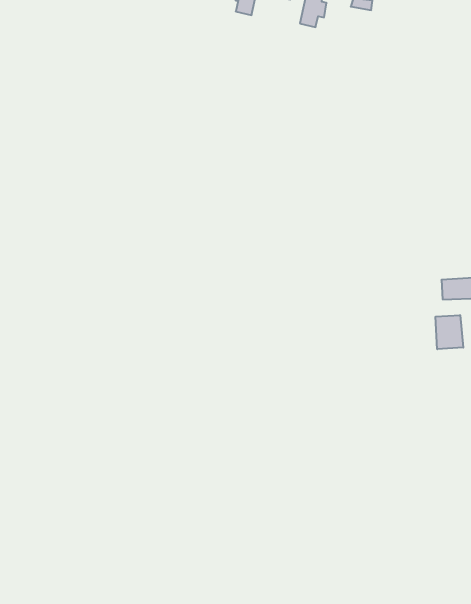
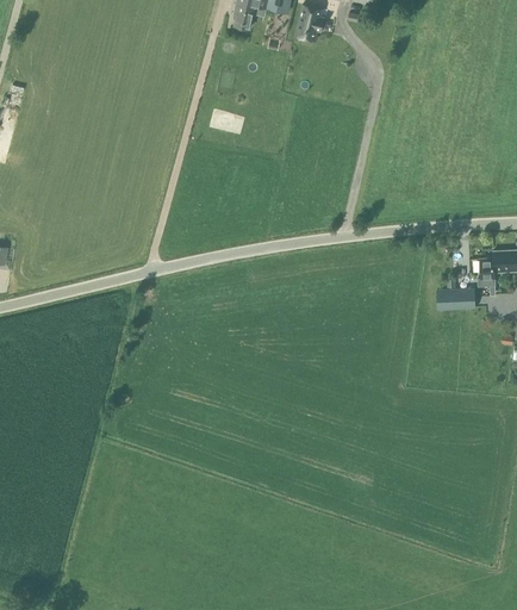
building: [436,315,463,349] -> none

